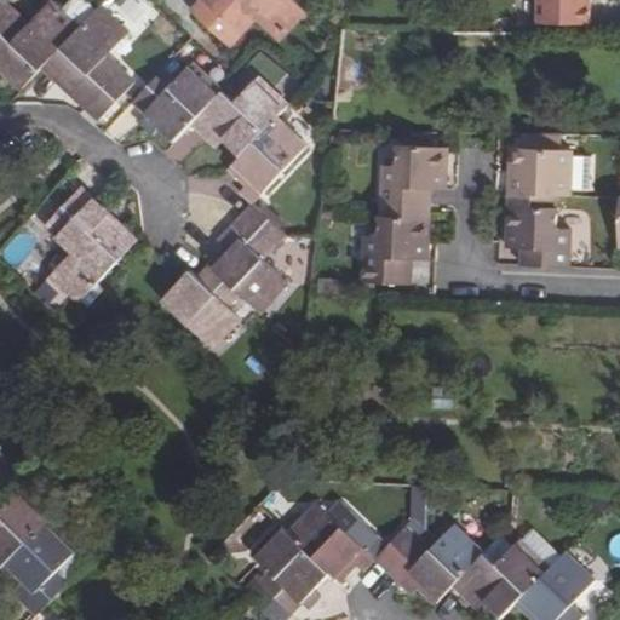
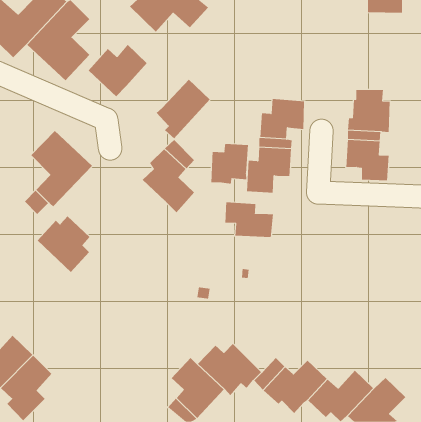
building: [185,78,283,157] -> none
building: none -> [211,143,249,185]
building: [162,263,241,346] -> [37,216,91,273]
building: none -> [225,202,274,238]

